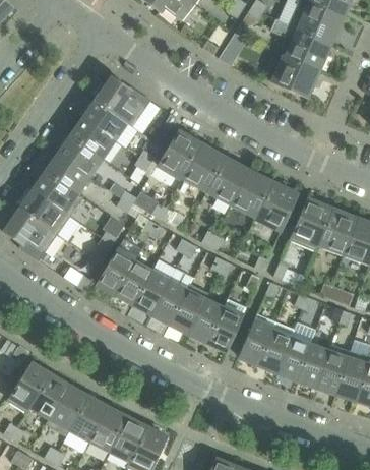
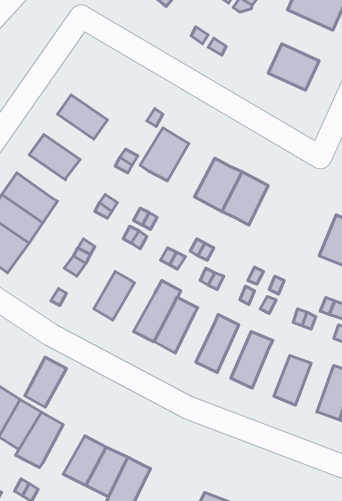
building: [278,24,330,70] -> none
building: [96,76,150,125] -> none
building: [71,118,116,159] -> none
building: [182,144,225,192] -> none
building: [47,155,90,193] -> none
building: [255,182,298,230] -> none
building: [289,198,333,251] -> none
building: [97,248,135,293] -> none
building: [133,270,171,313] -> none
building: [189,297,225,341] -> none
building: [258,321,295,371] -> none
building: [297,342,329,386] -> none
building: [70,397,108,442] -> [25,357,67,407]

